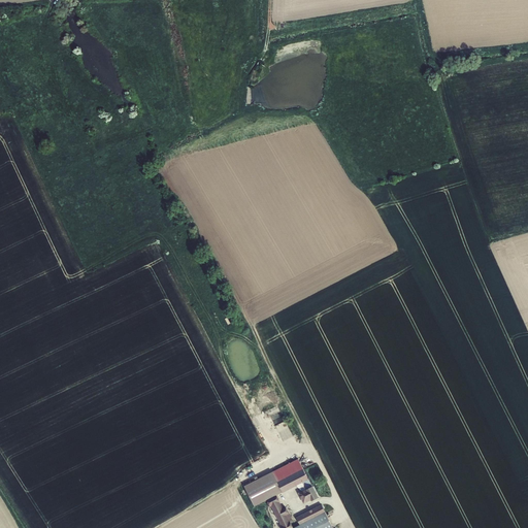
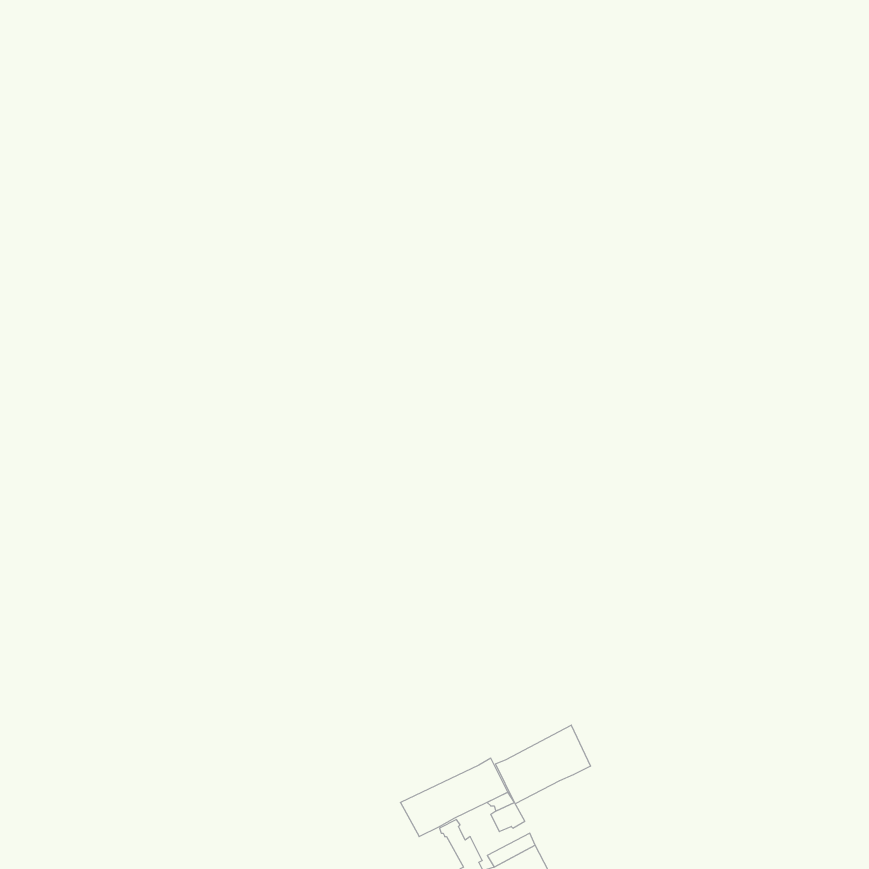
building: none -> [495,725,590,804]

